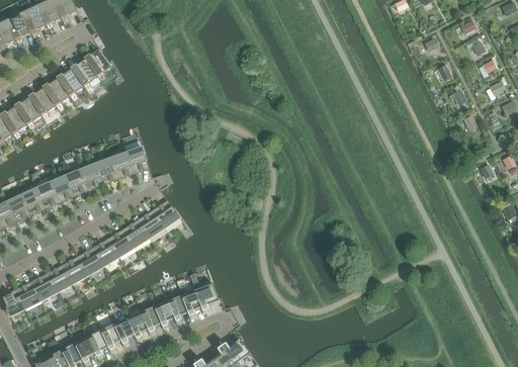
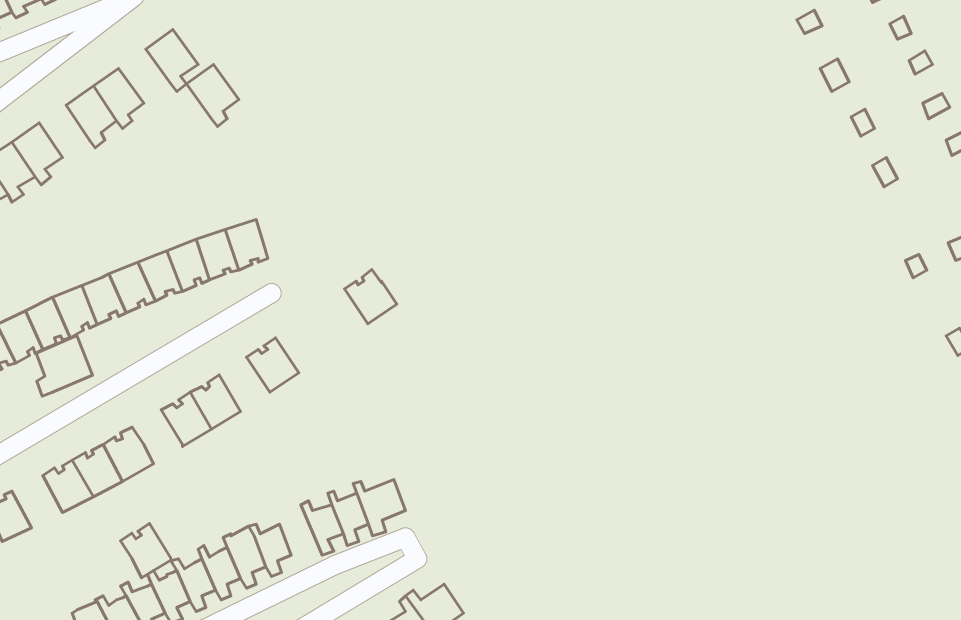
building: [70,59,97,91] -> [186,65,239,127]
building: [28,88,55,119] -> none
building: [152,199,179,227] -> [345,269,397,324]
building: none -> [36,336,93,396]
building: [122,219,149,248] -> none
building: [77,247,103,275] -> [120,523,171,578]
building: [14,281,40,308] -> none
building: [152,296,174,329] -> none

